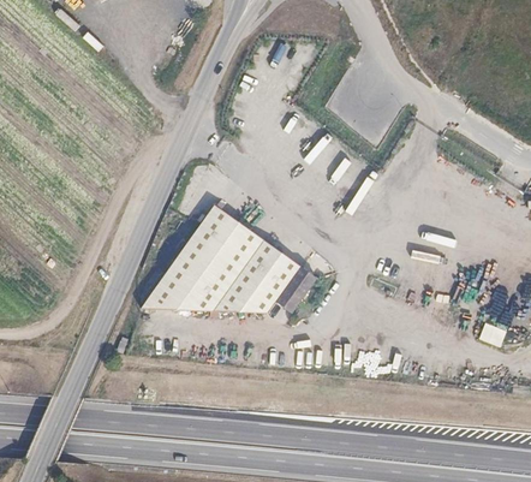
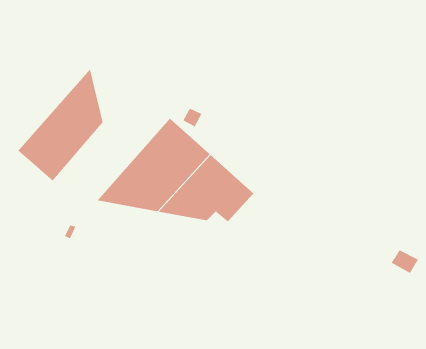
building: none -> [17,68,103,181]

